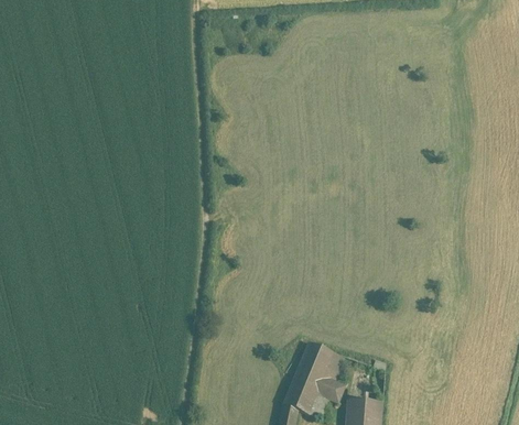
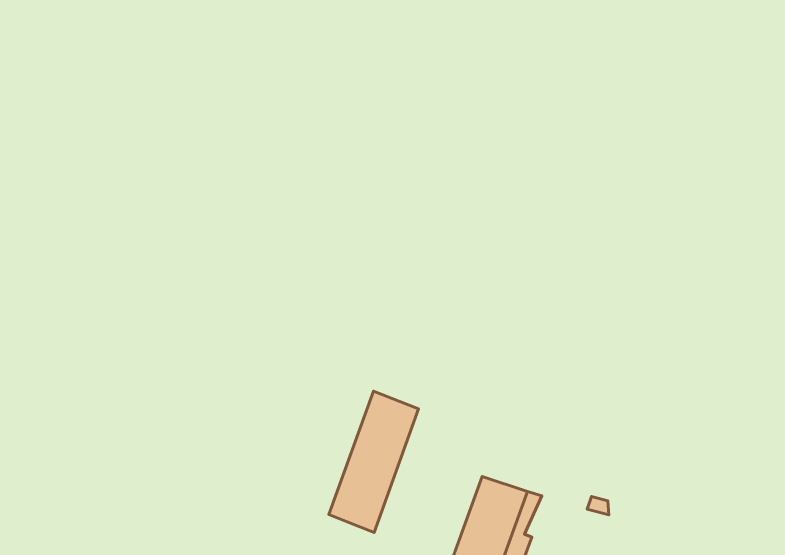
building: none -> [329,391,419,532]

